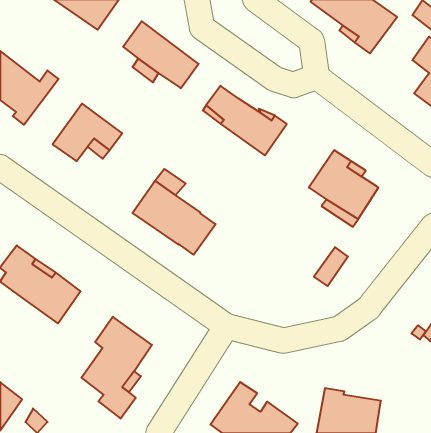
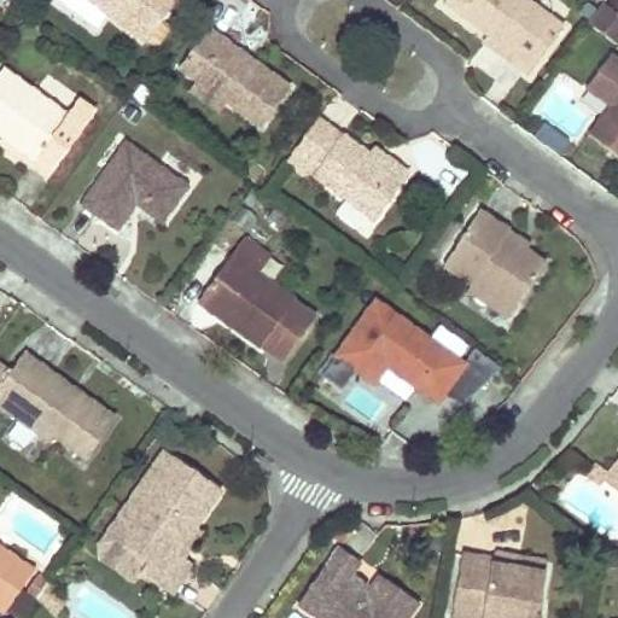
building: none -> [334,297,468,406]
building: none -> [100,486,151,571]

